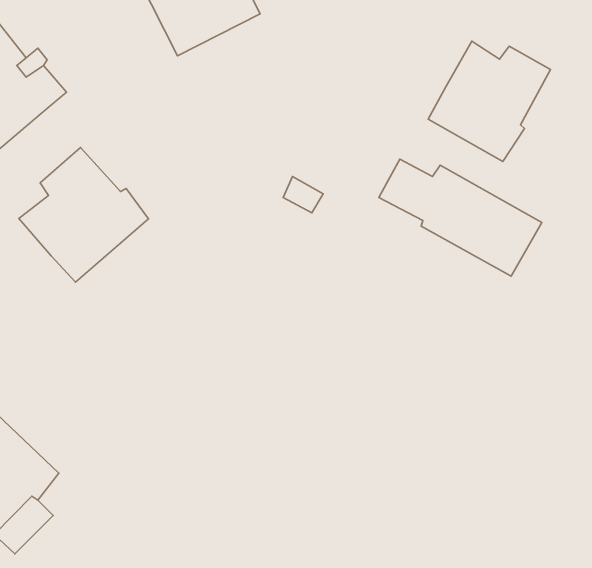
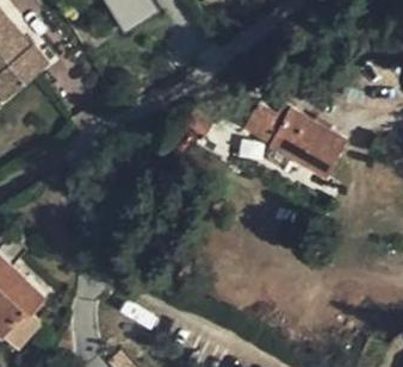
building: [428,41,550,162] -> none
building: [19,147,148,282] -> none

